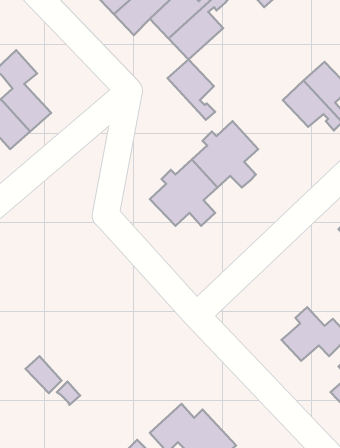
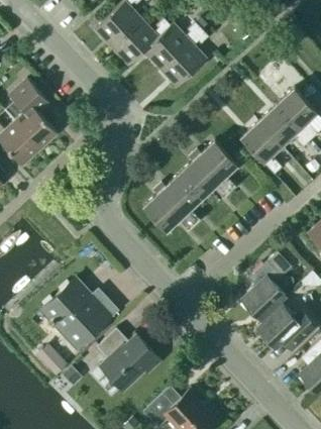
building: [167,59,215,120] -> [240,122,282,175]
building: none -> [242,252,292,325]
building: none -> [41,279,117,348]
building: none -> [97,329,161,392]

